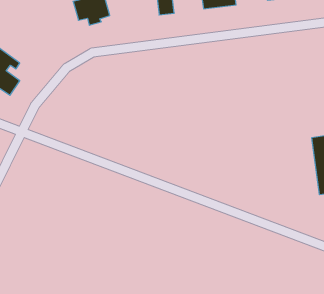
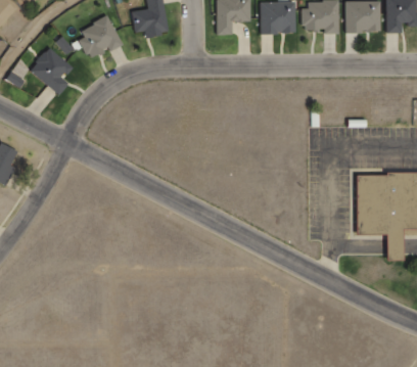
building: none -> [82,14,124,58]

